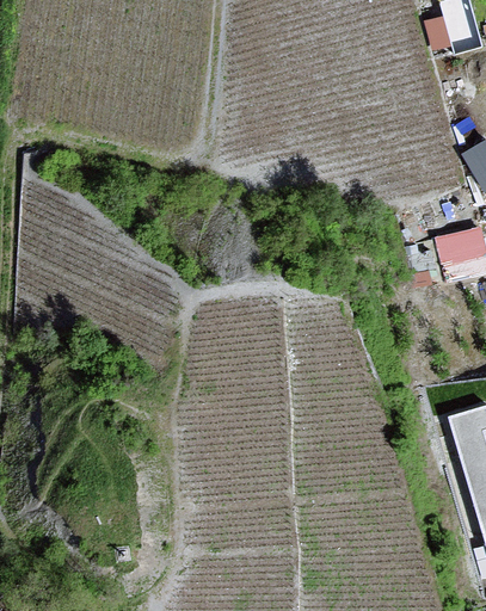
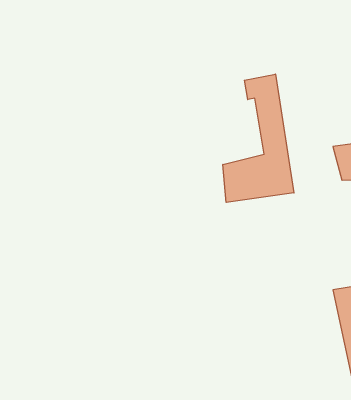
building: none -> [223,74,294,202]

